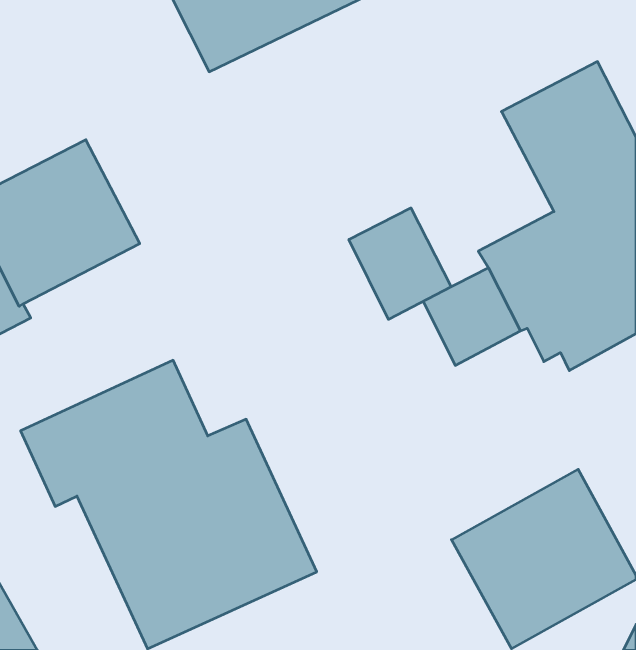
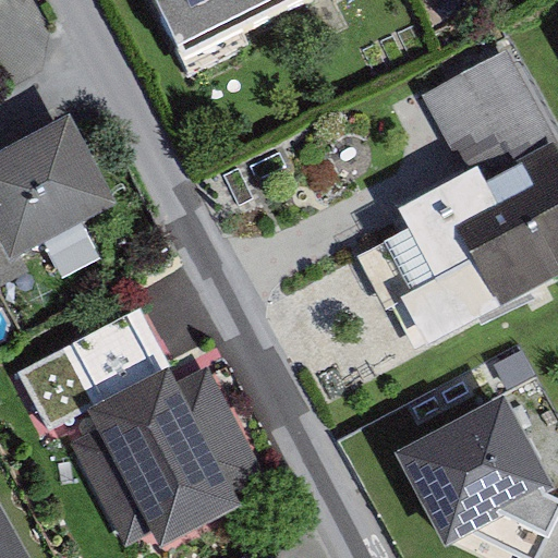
building: [349,208,451,319] -> none

